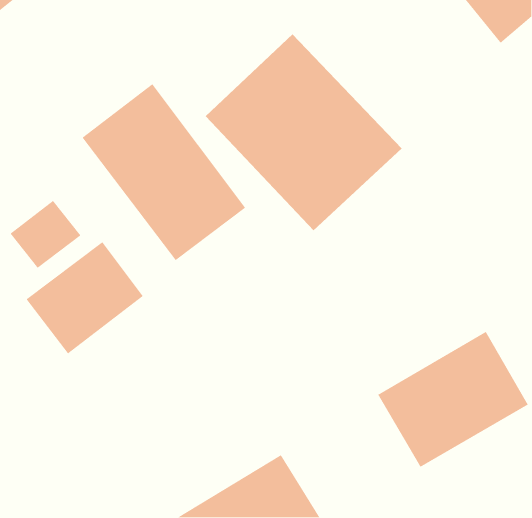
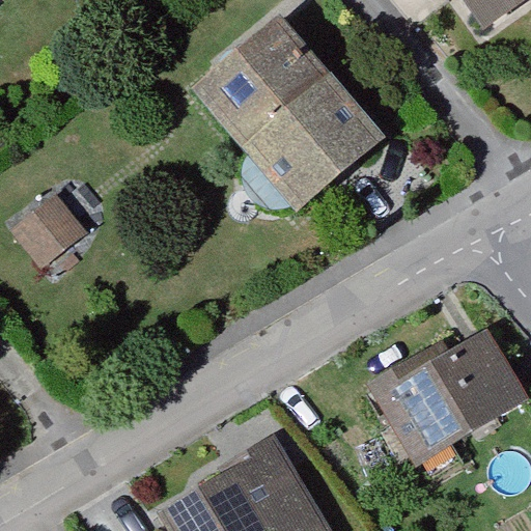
building: [82,83,246,261] -> none
building: [26,241,144,354] -> none

